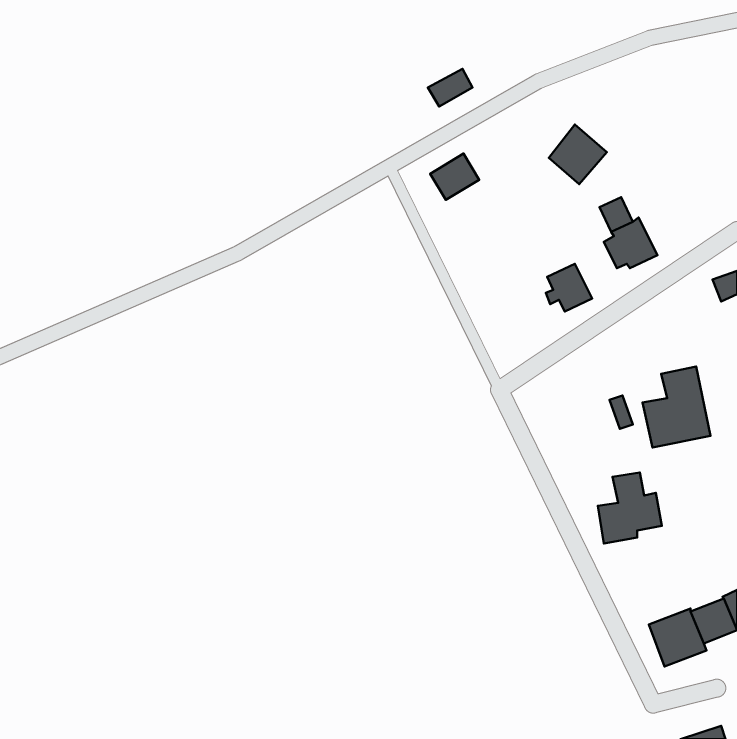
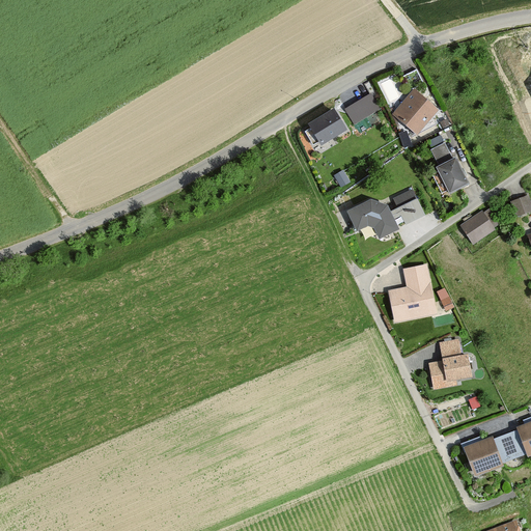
building: [428,69,473,106] -> [344,94,376,121]
building: none -> [347,198,399,237]
building: none -> [459,207,499,243]
building: [642,366,711,448] -> [388,263,437,322]

